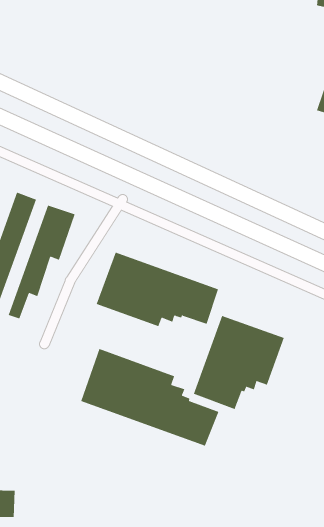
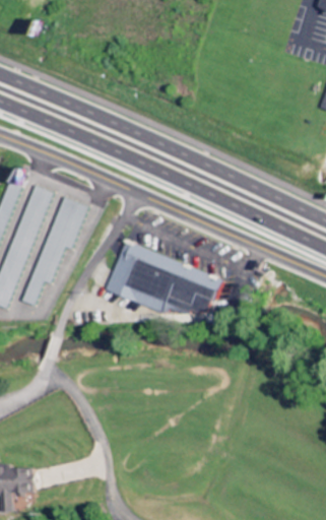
building: [193,315,285,410] -> none
building: [80,348,219,447] -> none

